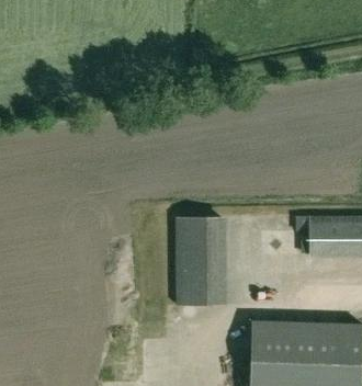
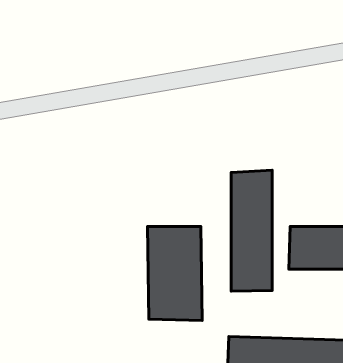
building: none -> [231,170,272,291]

